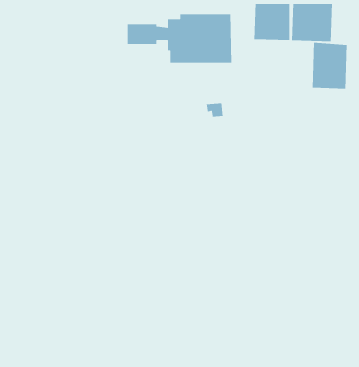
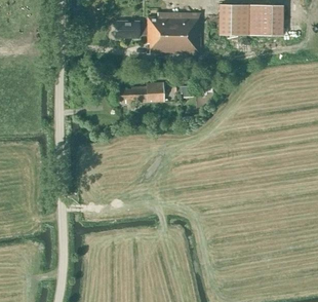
building: [312,42,347,89] -> none
building: none -> [120,82,166,103]

